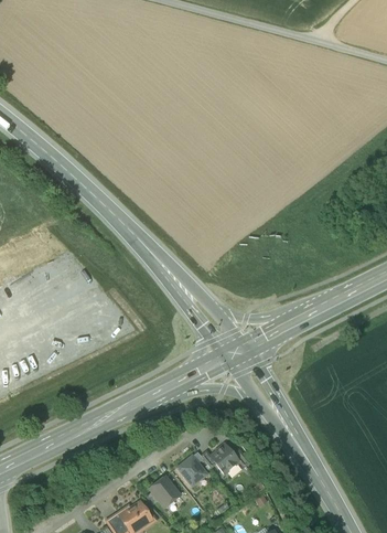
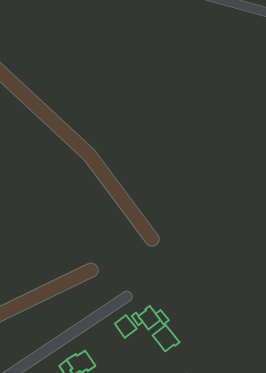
building: none -> [153,325,180,351]
building: [149,477,179,508] -> none

